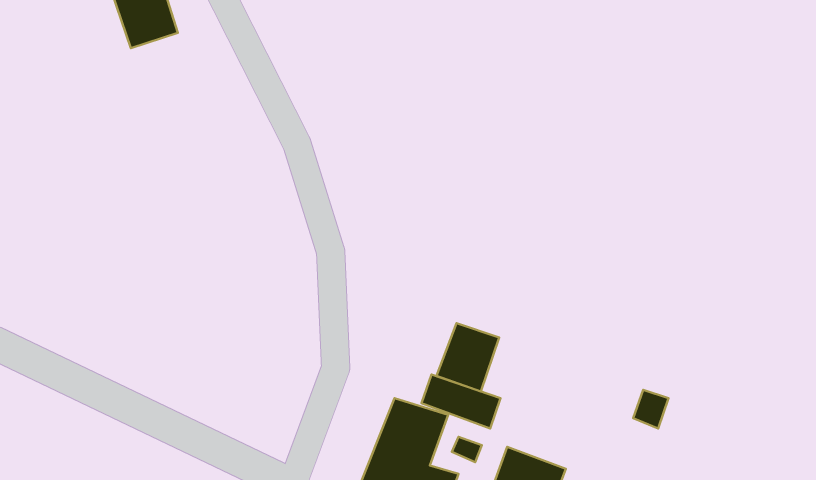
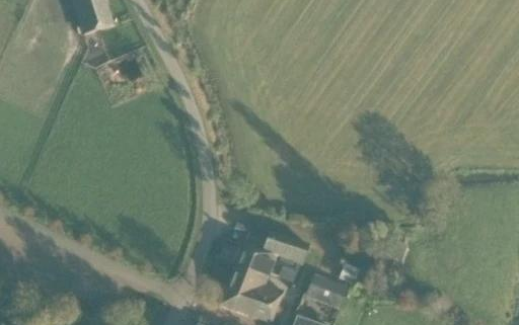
building: [436,323,499,391] -> none

